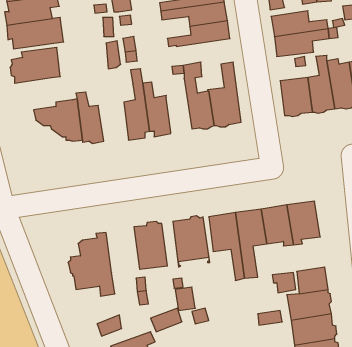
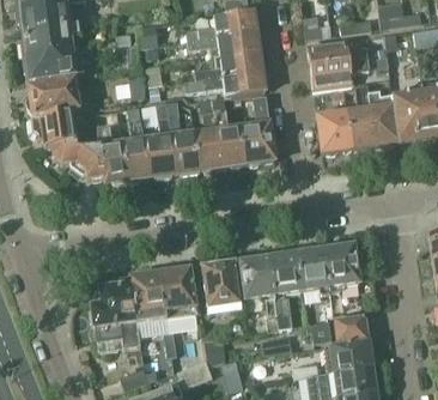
building: none -> [185,68,266,95]
building: none -> [122,104,151,180]
building: none -> [32,110,95,145]
building: none -> [195,111,223,170]
building: none -> [130,271,166,320]

